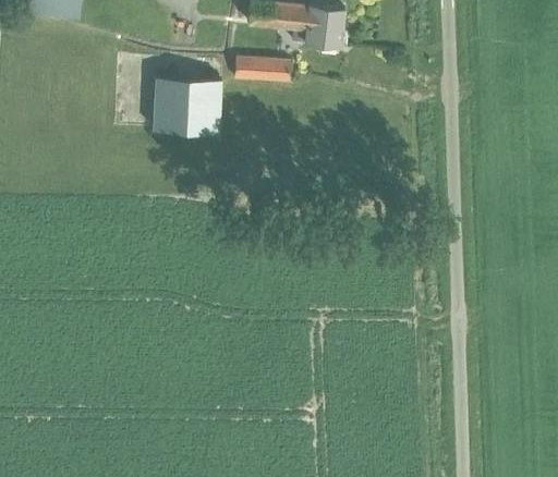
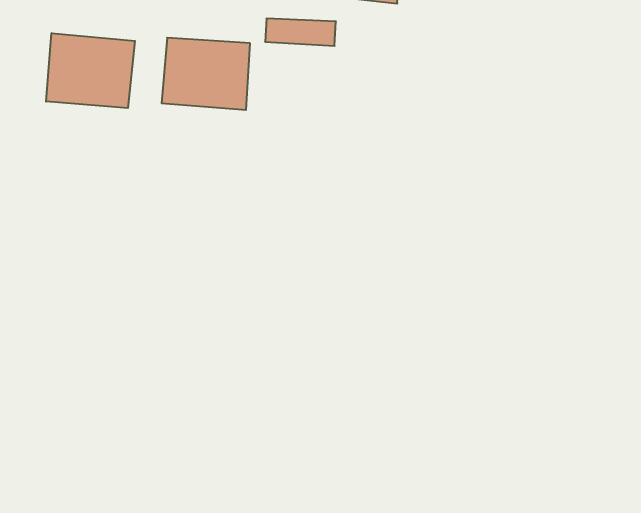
building: none -> [46,33,135,108]

